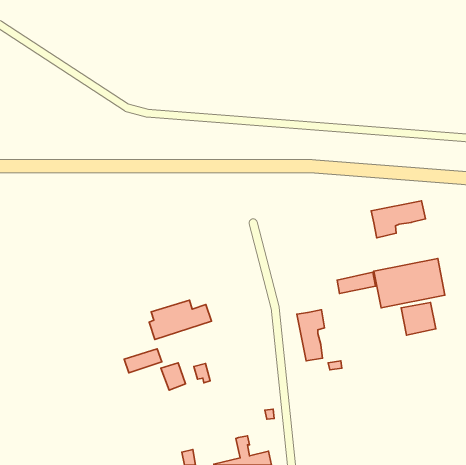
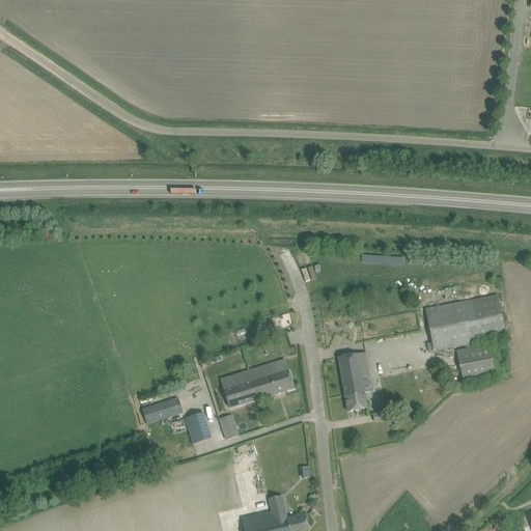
building: [371,201,425,238] -> none
building: [337,272,376,294] -> none
building: [149,300,211,339] -> [223,363,294,408]

